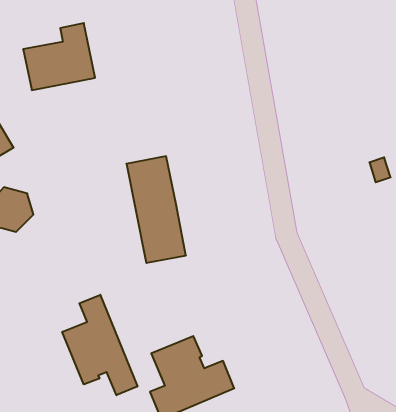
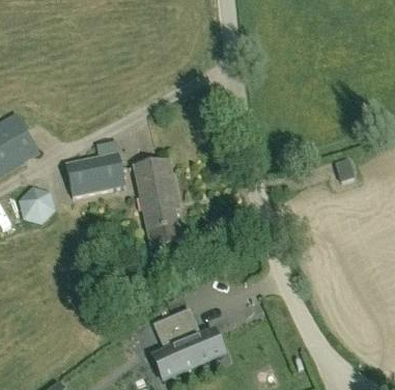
building: [23,23,95,90] -> [66,140,126,196]
building: [62,295,137,395] -> none

